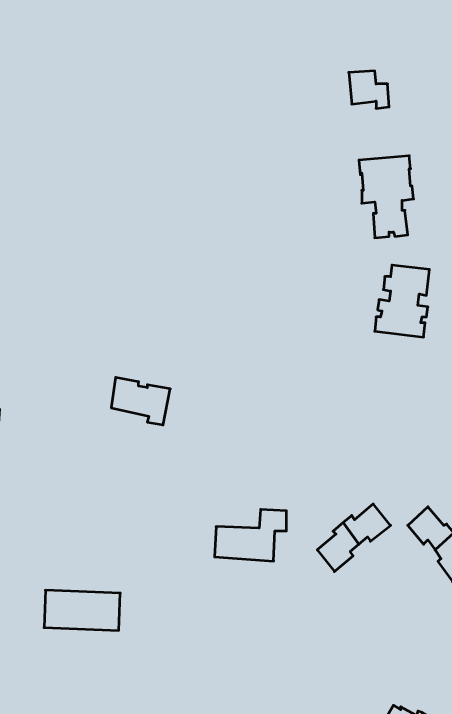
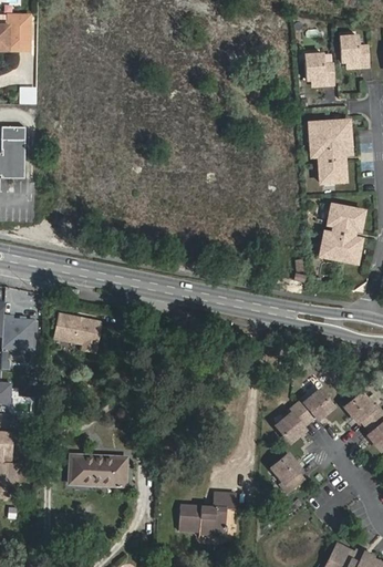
building: none -> [337,37,368,65]
building: [111,377,170,425] -> [58,313,103,350]
building: [215,509,286,561] -> [178,493,234,533]
building: none -> [270,453,303,489]

